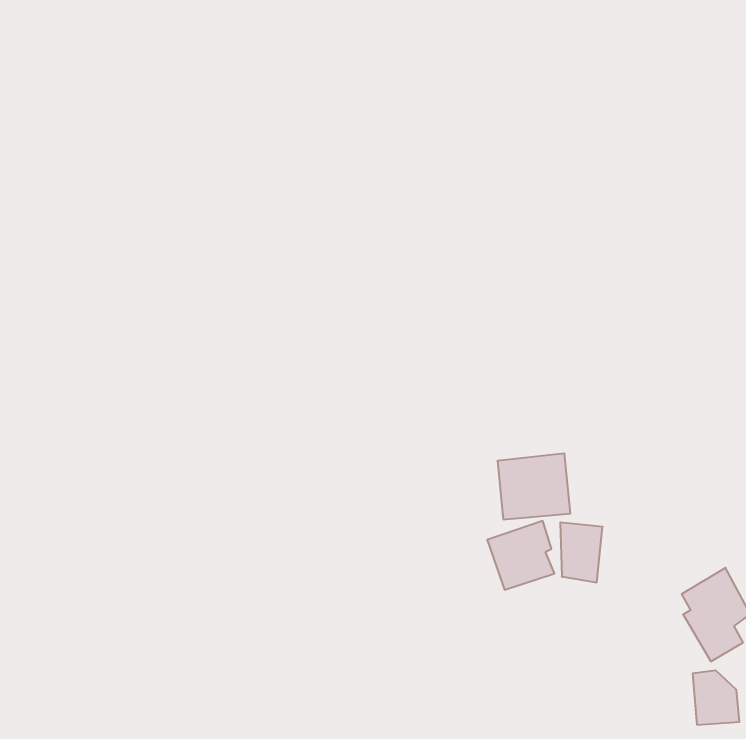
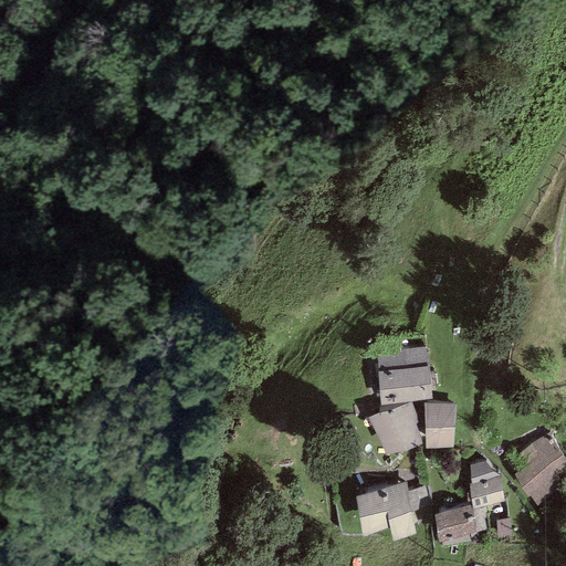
building: none -> [356,480,431,534]
building: none -> [436,504,476,537]
building: [693,671,739,725] -> [468,465,503,506]

